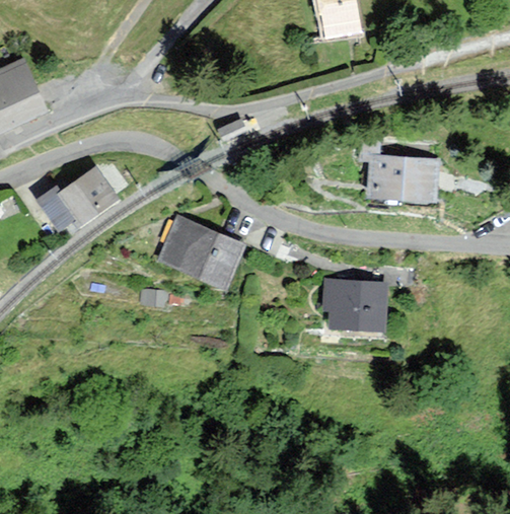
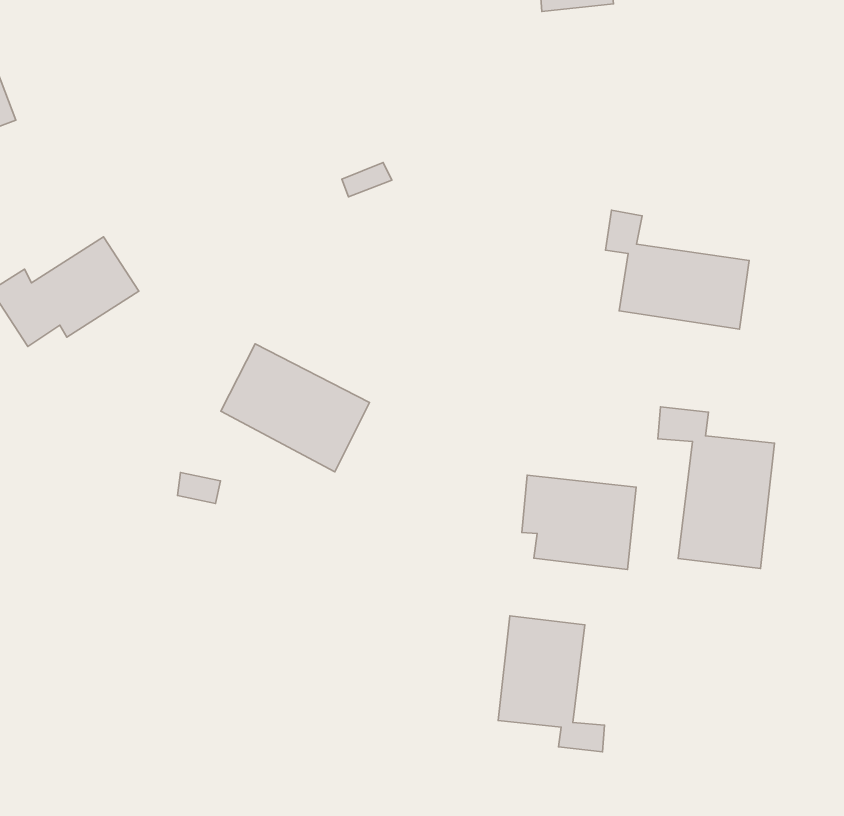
building: none -> [658,407,774,568]
building: none -> [498,616,605,752]

